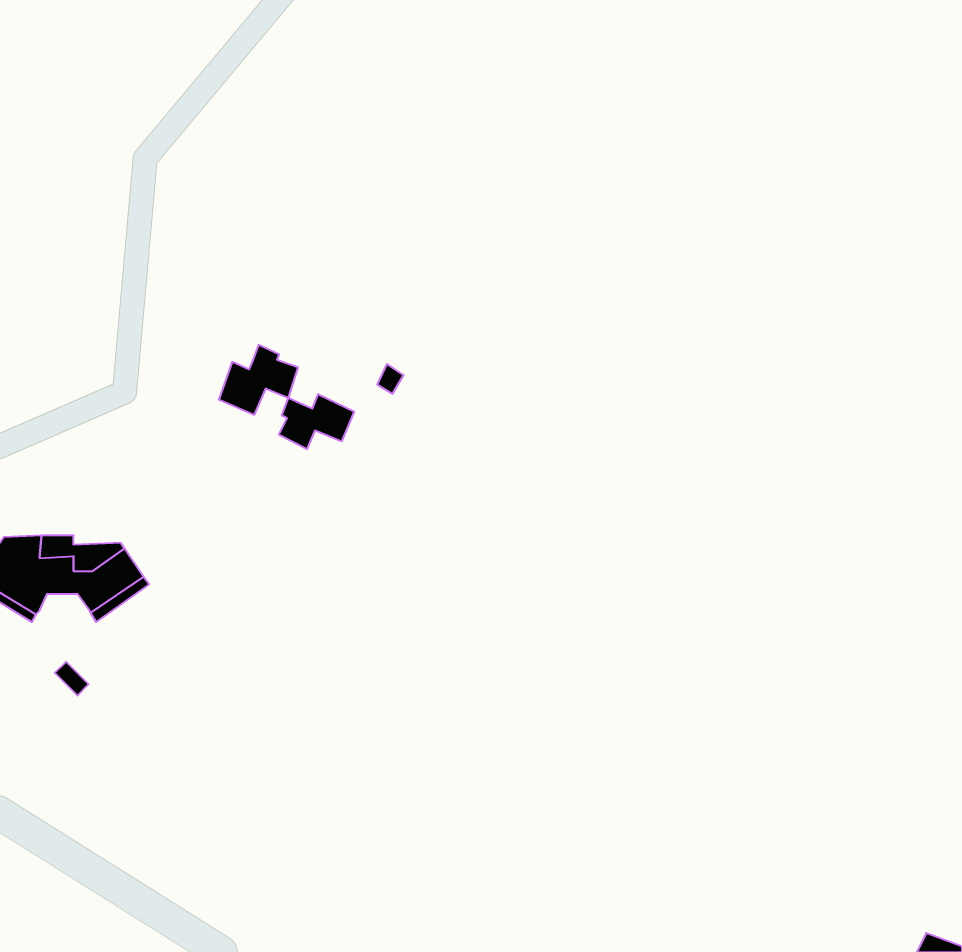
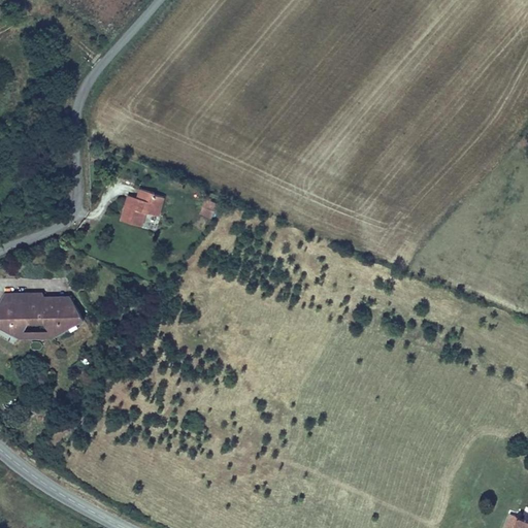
building: [279,394,354,449] -> none

